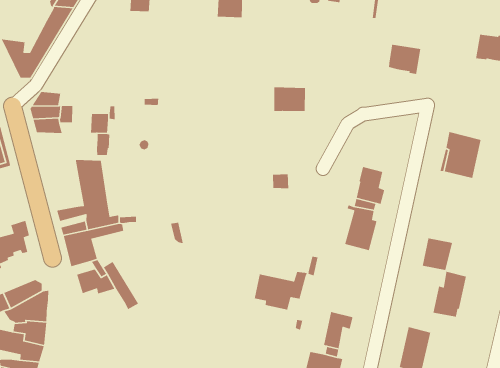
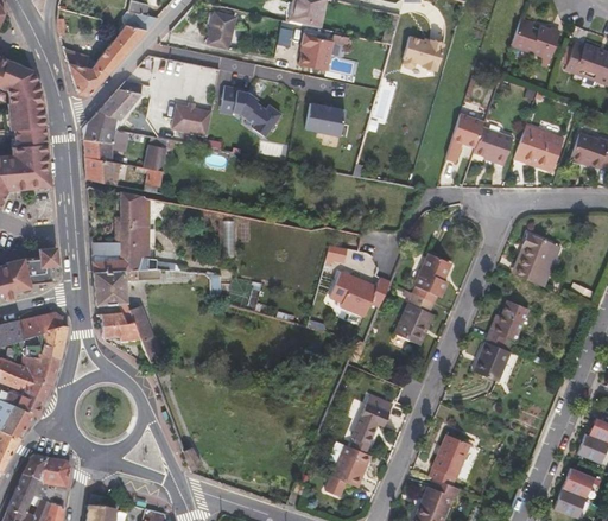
building: none -> [513,125,564,172]
building: none -> [444,114,483,163]
building: none -> [220,87,281,135]
building: none -> [96,81,141,117]
building: none -> [171,102,211,134]
building: [274,86,306,112] -> [305,102,344,135]
building: none -> [83,155,120,185]
building: [432,271,467,318] -> [484,299,528,351]
building: [254,271,308,310] -> [329,272,392,317]

